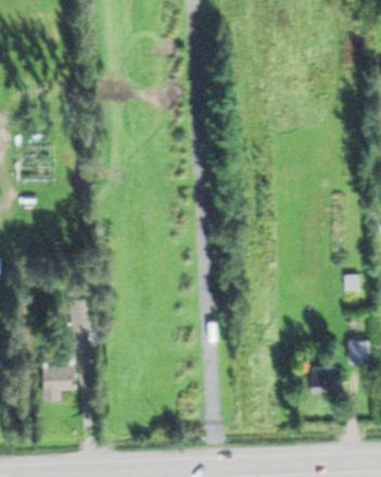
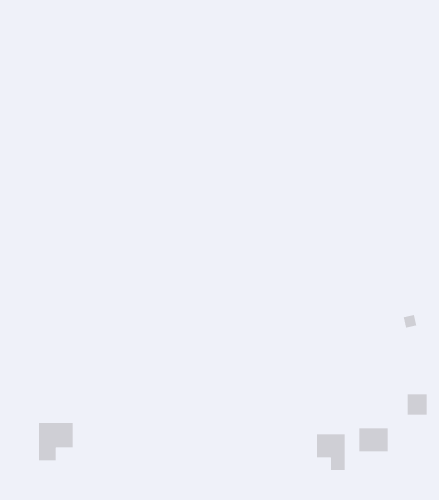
building: none -> [316,433,345,471]

